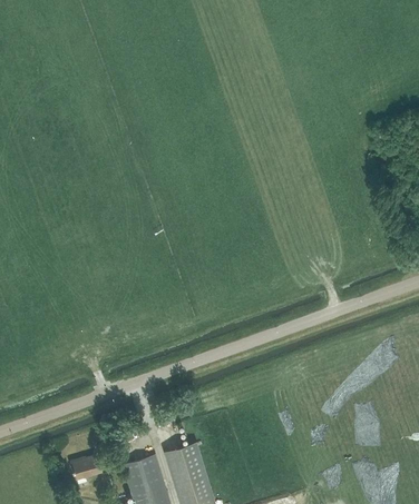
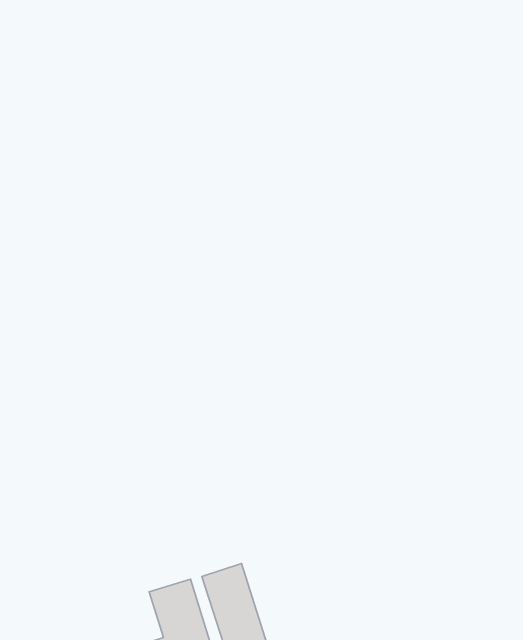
building: [71,454,101,480] -> none

